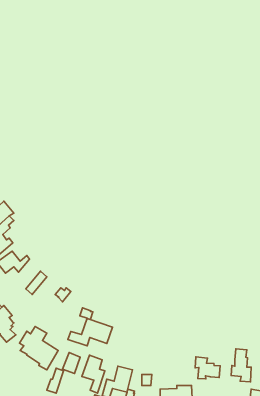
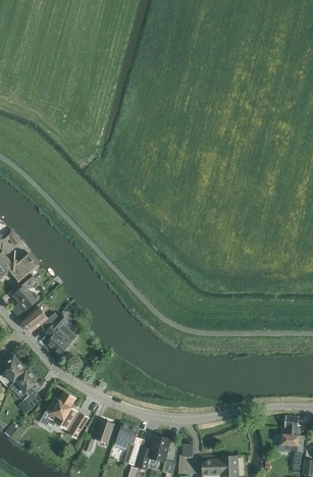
building: none -> [46,314,69,350]
building: [68,308,113,346] -> none
building: [195,357,220,379] -> none

